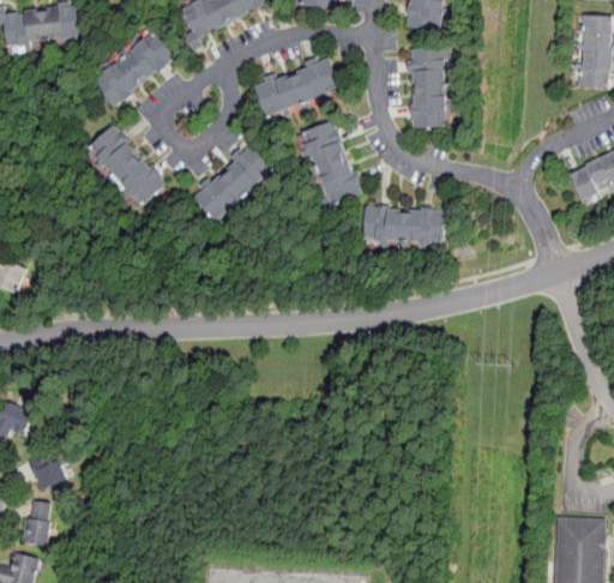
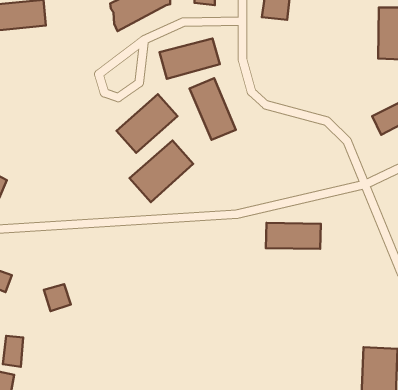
building: [91,30,176,109] -> none
building: [407,46,449,128] -> none
building: [85,124,168,209] -> none
building: [363,205,445,244] -> [266,223,321,249]
building: none -> [129,140,193,202]
building: [28,450,67,489] -> [44,284,71,311]

